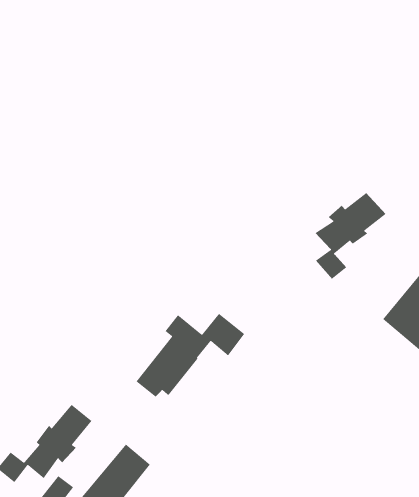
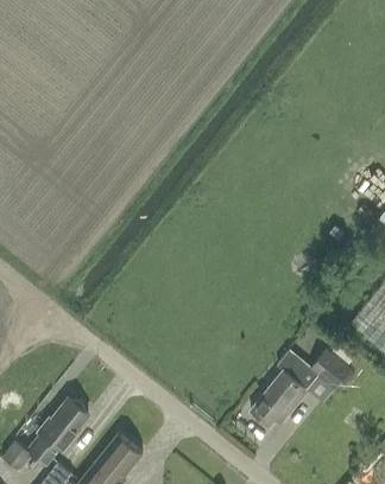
building: [315,192,386,280] -> none
building: [136,313,245,397] -> [251,349,349,425]

